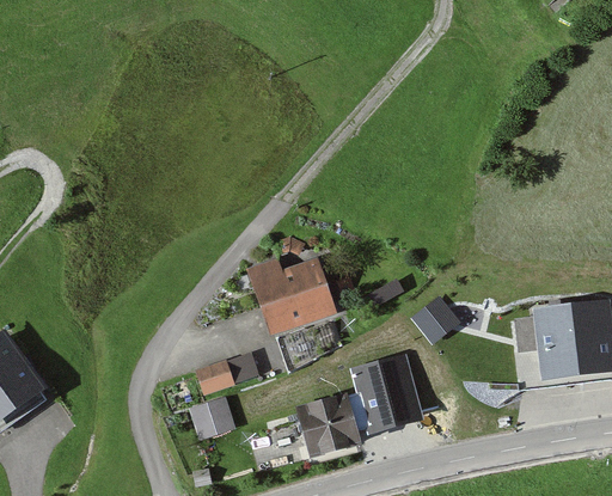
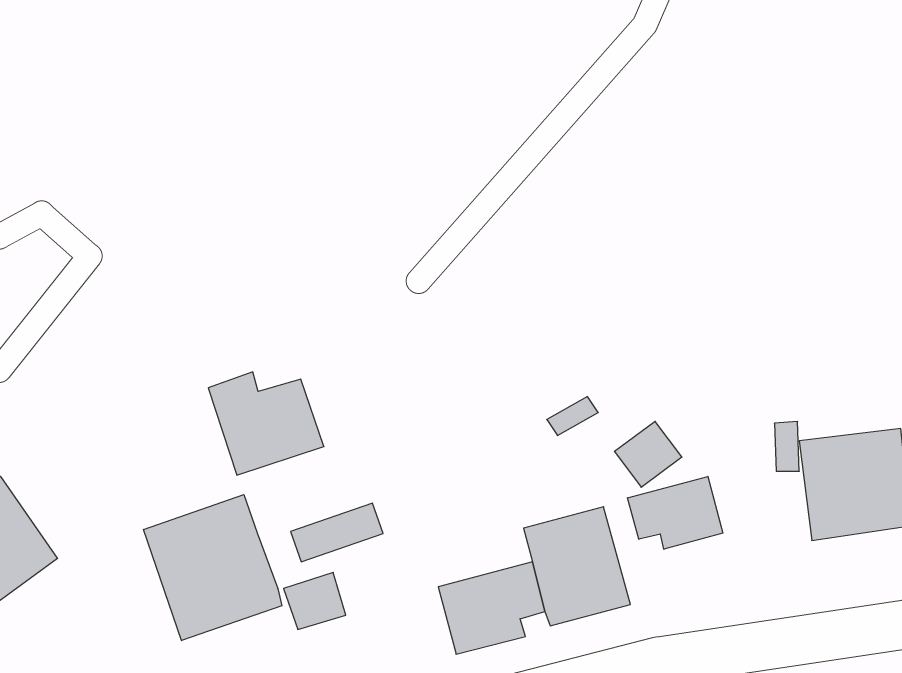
building: [249,259,326,329] -> [208,372,324,475]
building: none -> [627,476,723,549]
building: none -> [144,495,282,641]

